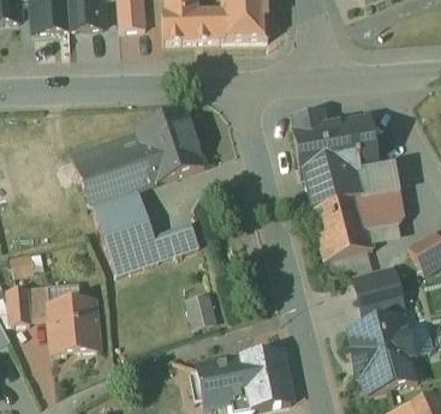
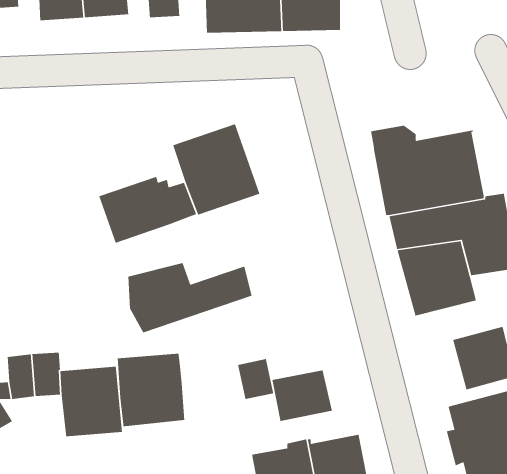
building: [93,188,145,228] -> none
building: none -> [117,353,185,427]
building: none -> [271,370,333,422]

